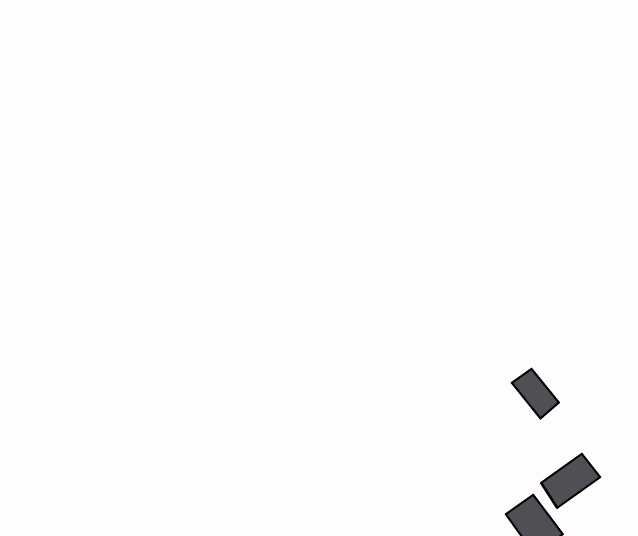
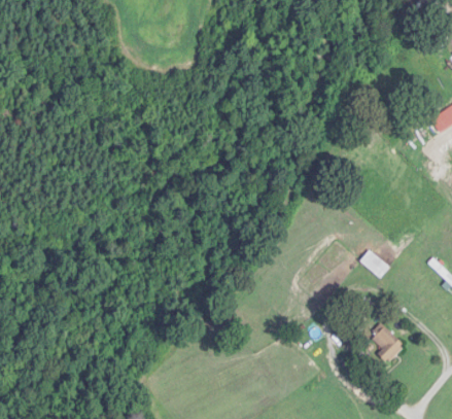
building: [541,454,600,508] -> none

